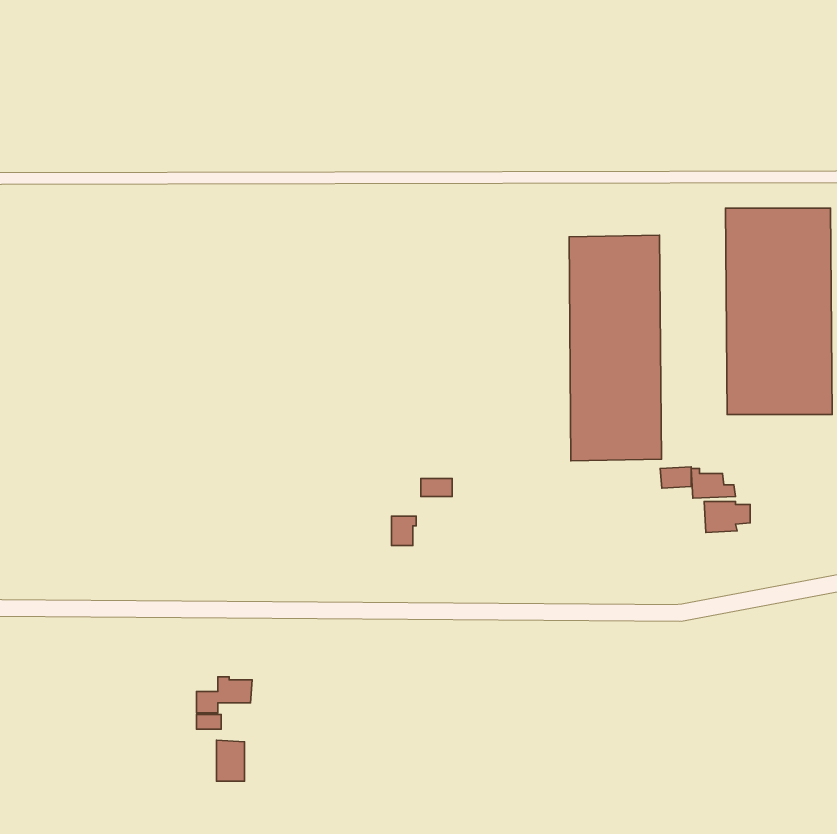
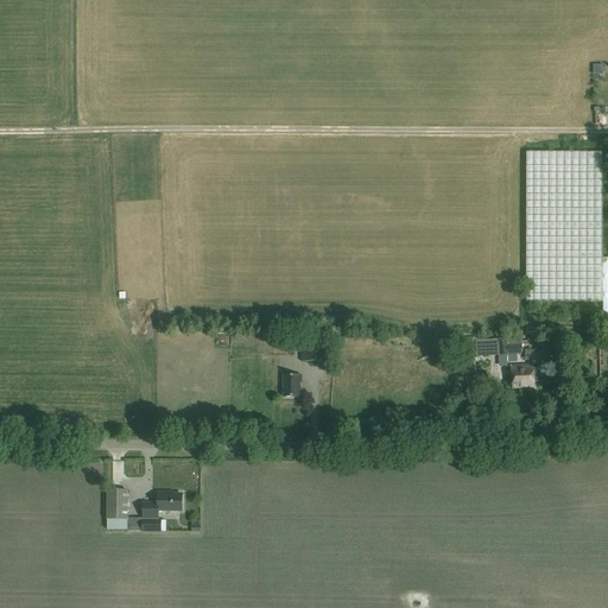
building: [569,235,661,461] -> none
building: [217,740,244,781] -> [107,488,127,518]

